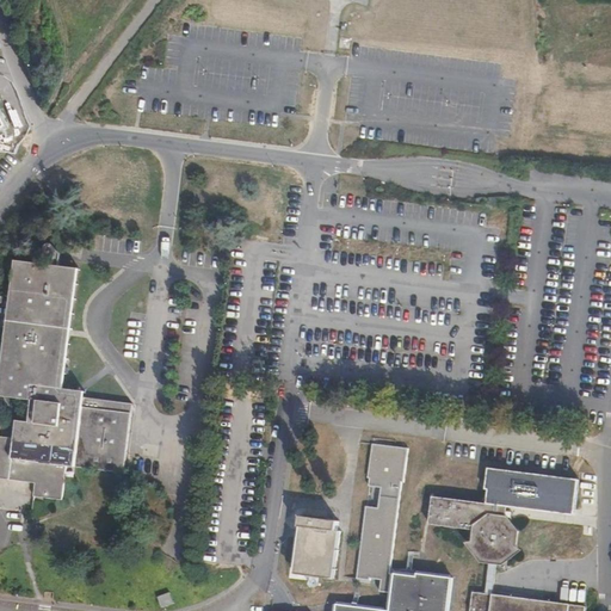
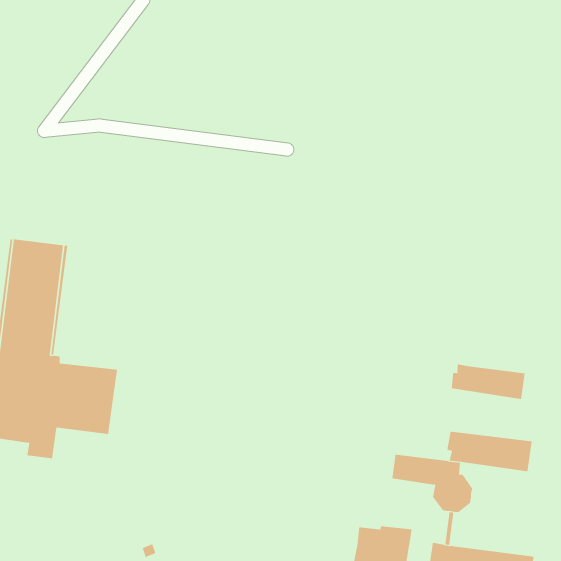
building: none -> [451,364,525,400]
building: [357,445,408,593] -> none
building: [289,514,339,578] -> none

